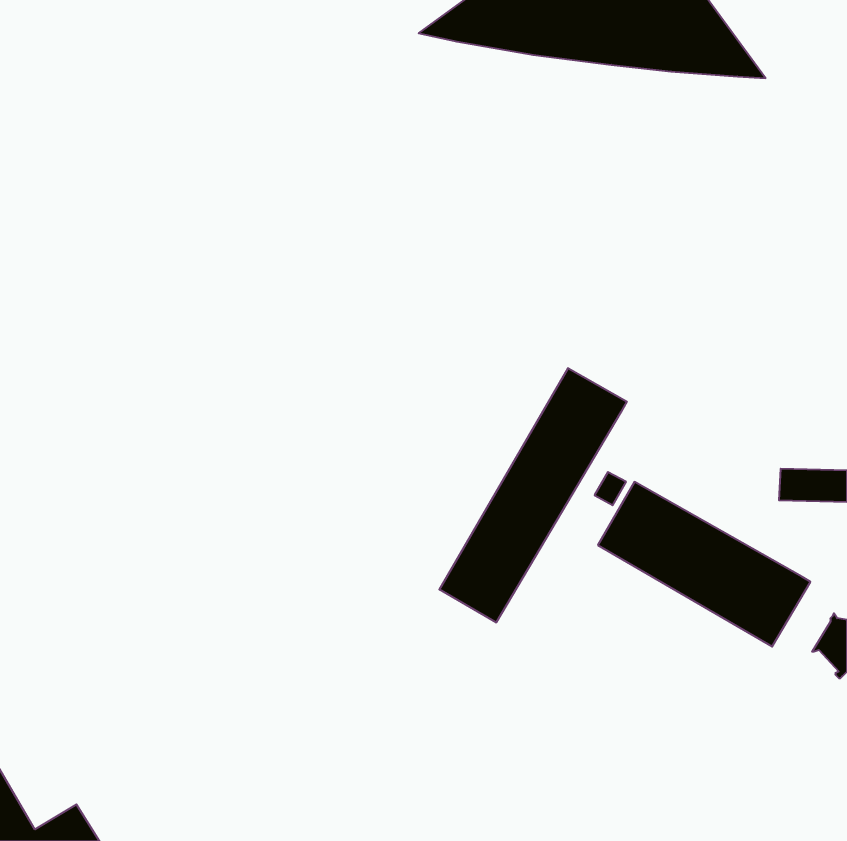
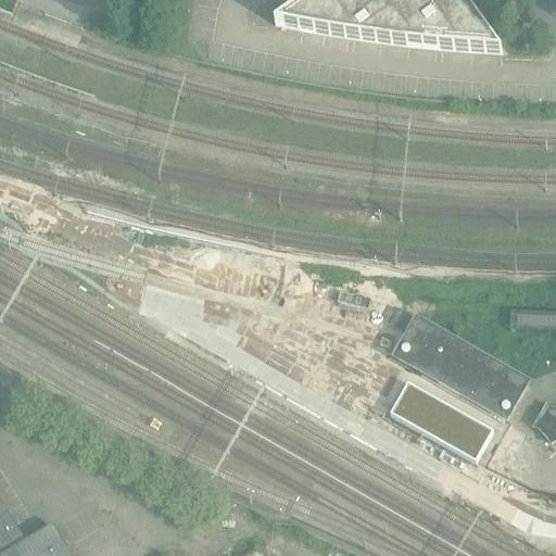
building: [439,368,627,623] -> none
building: none -> [391,383,491,459]

